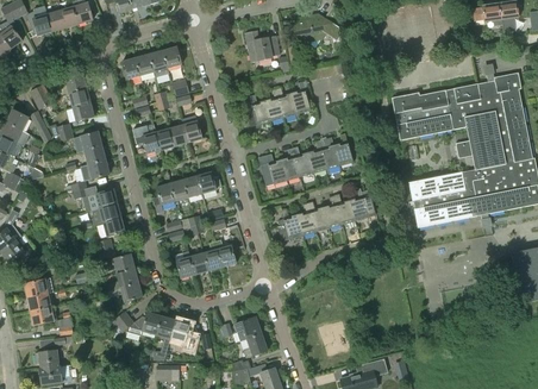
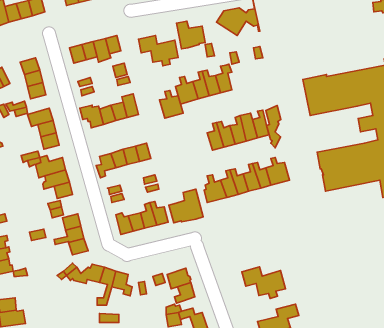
building: none -> [138,36,178,66]
building: none -> [266,105,281,148]
building: [259,153,287,186] -> [160,91,183,118]
building: none -> [169,189,203,223]
building: none -> [242,267,286,299]

